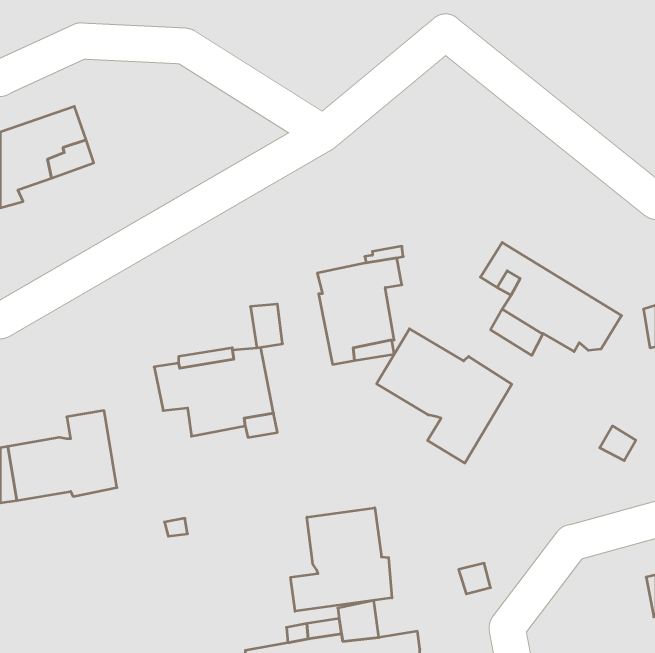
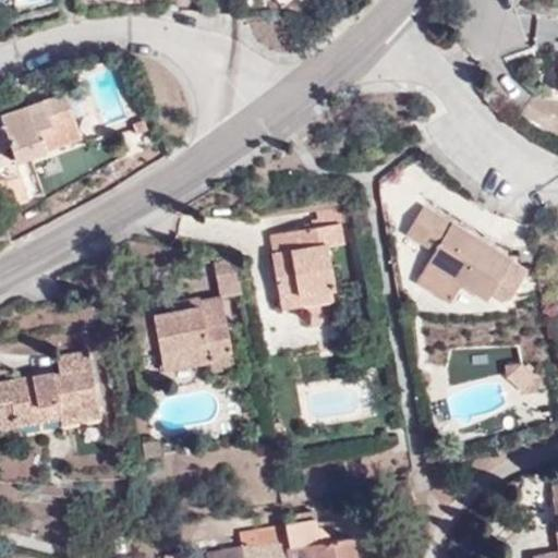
building: [377,329,512,463] -> none
building: [291,508,392,611] -> none

